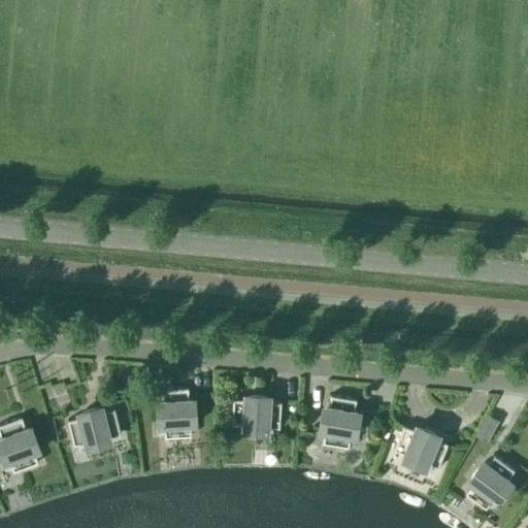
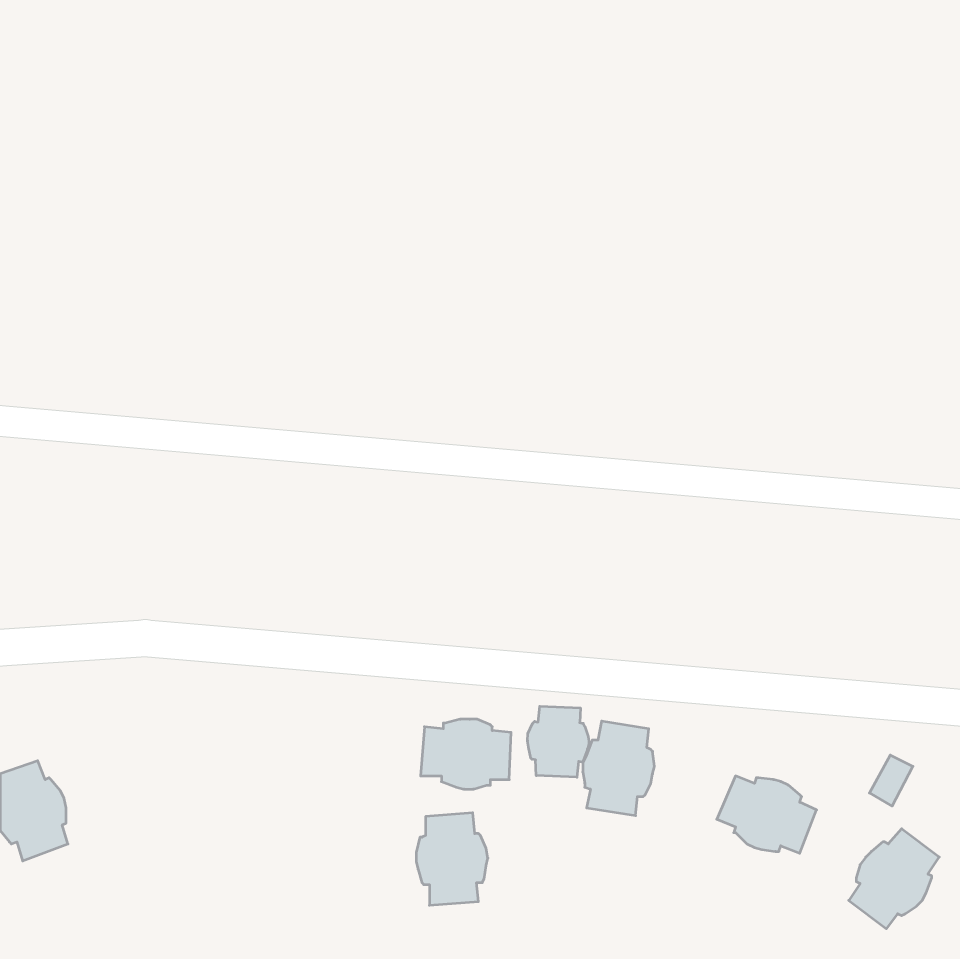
building: [158,389,197,439] -> [416,813,488,905]
building: none -> [528,706,589,777]
building: [68,408,122,448] -> none

